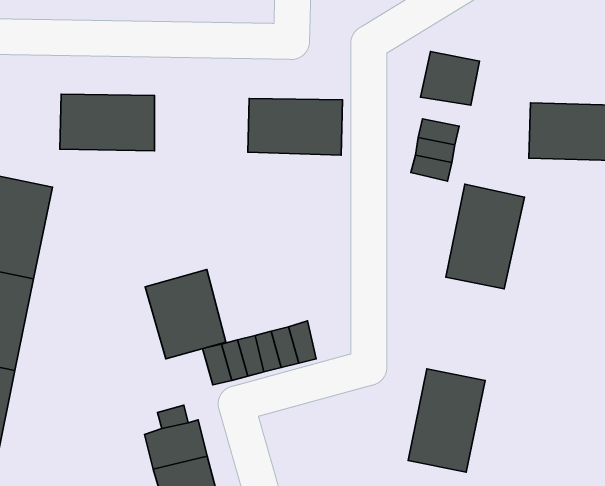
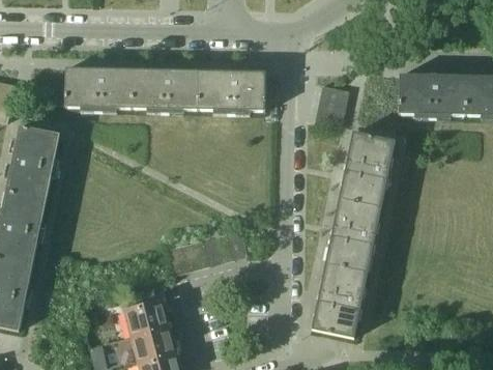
building: [421,51,480,105] -> none
building: none -> [132,68,199,109]
building: [145,270,226,359] -> none
building: none -> [325,198,380,272]

